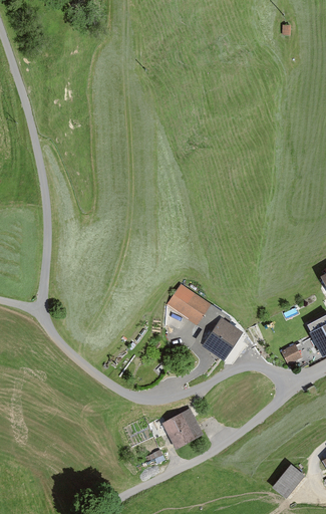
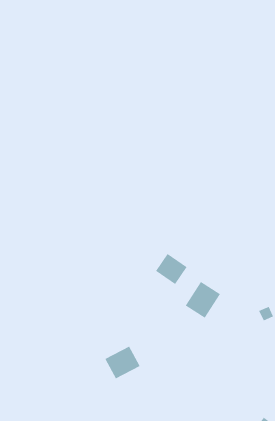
building: [164,412,203,448] -> [104,346,141,379]

